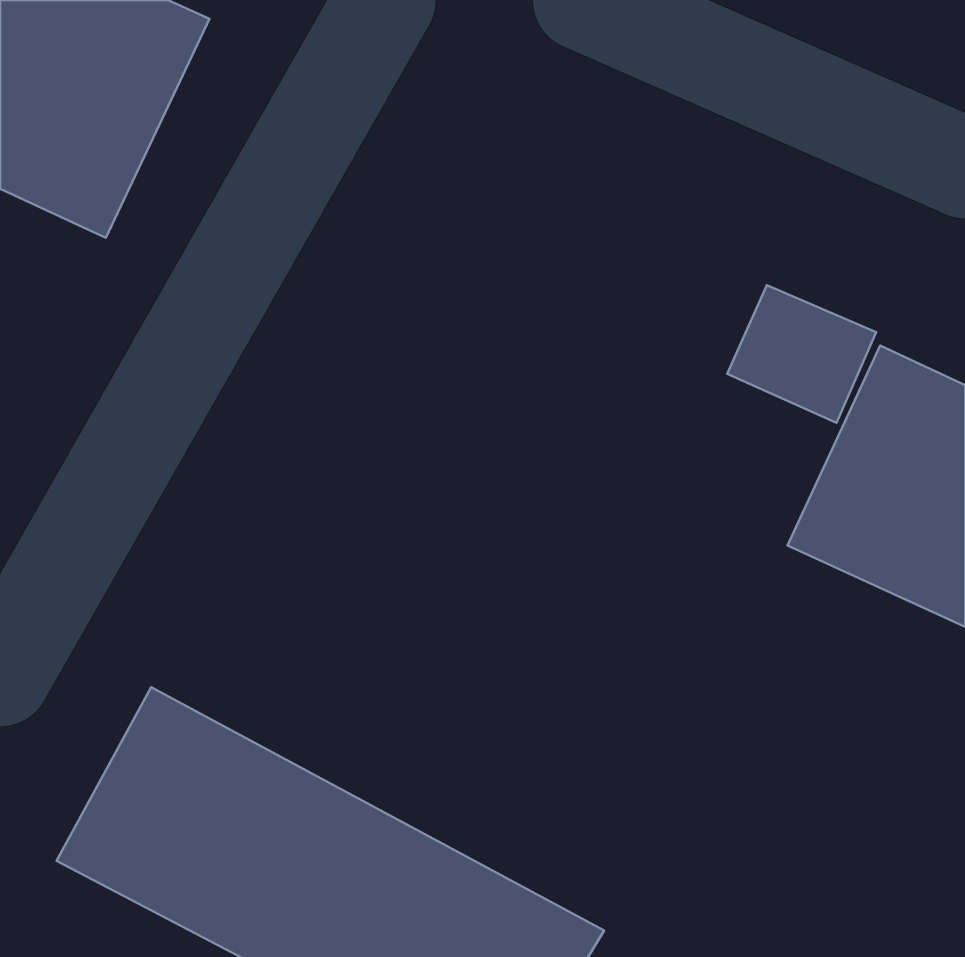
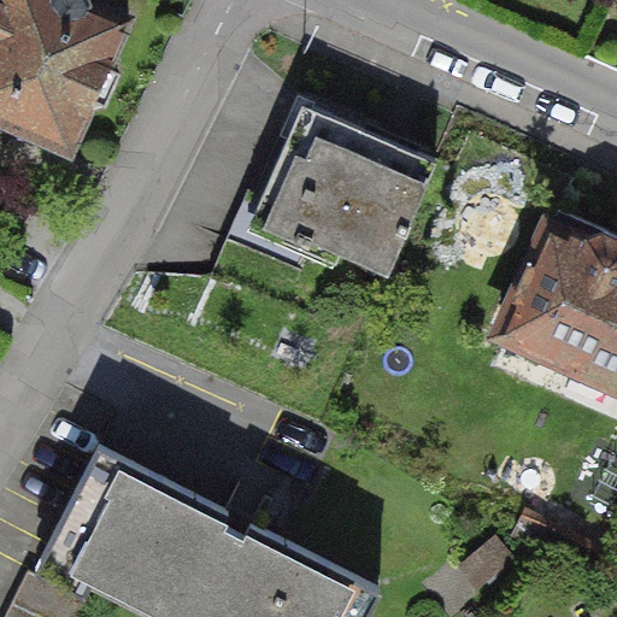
building: none -> [257,110,442,280]

